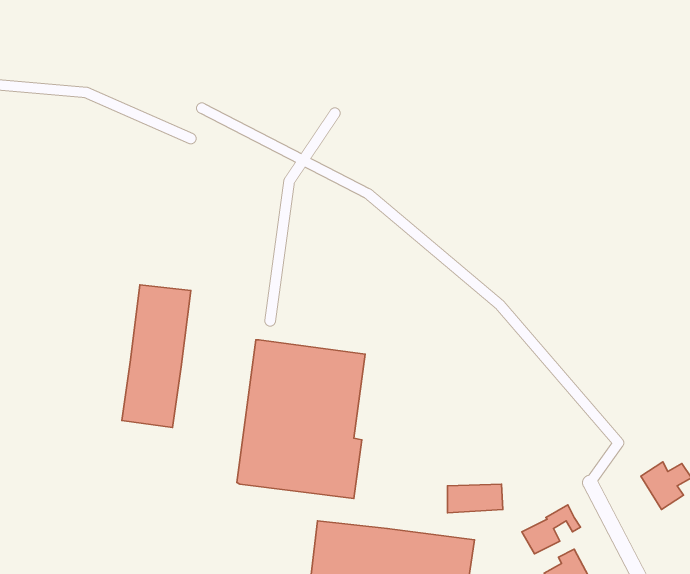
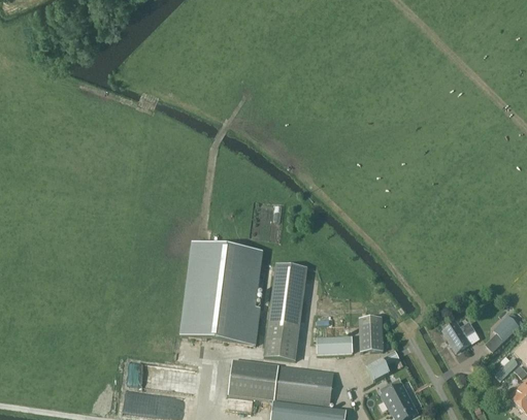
building: [122,285,191,427] -> none
building: none -> [263,261,307,359]
building: none -> [359,317,383,350]

